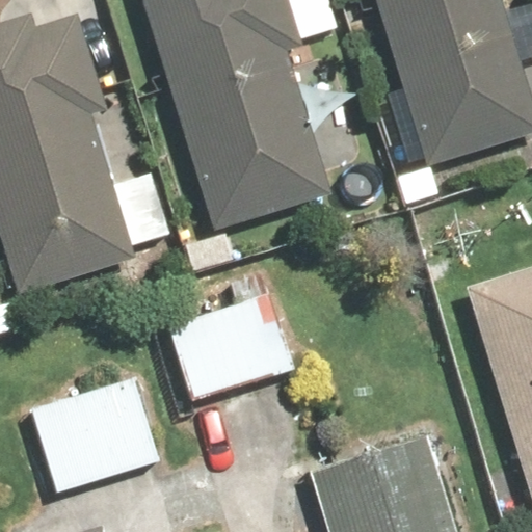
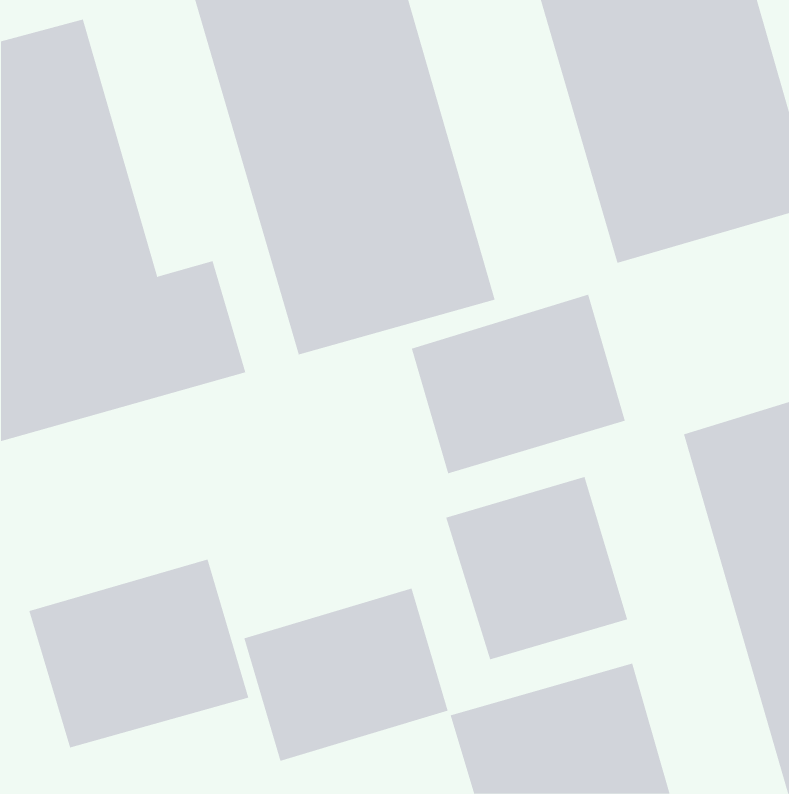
building: none -> [411,294,626,474]
building: [169,285,304,399] -> [243,588,449,761]
building: none -> [445,476,628,660]

